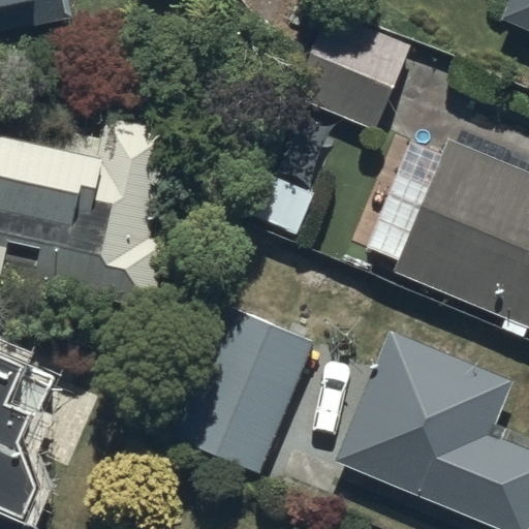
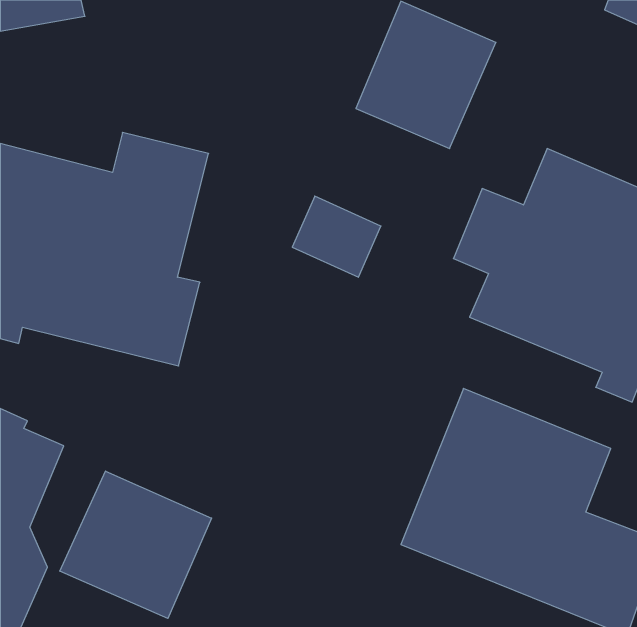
building: [167,304,313,471] -> none
building: none -> [60,471,212,618]

